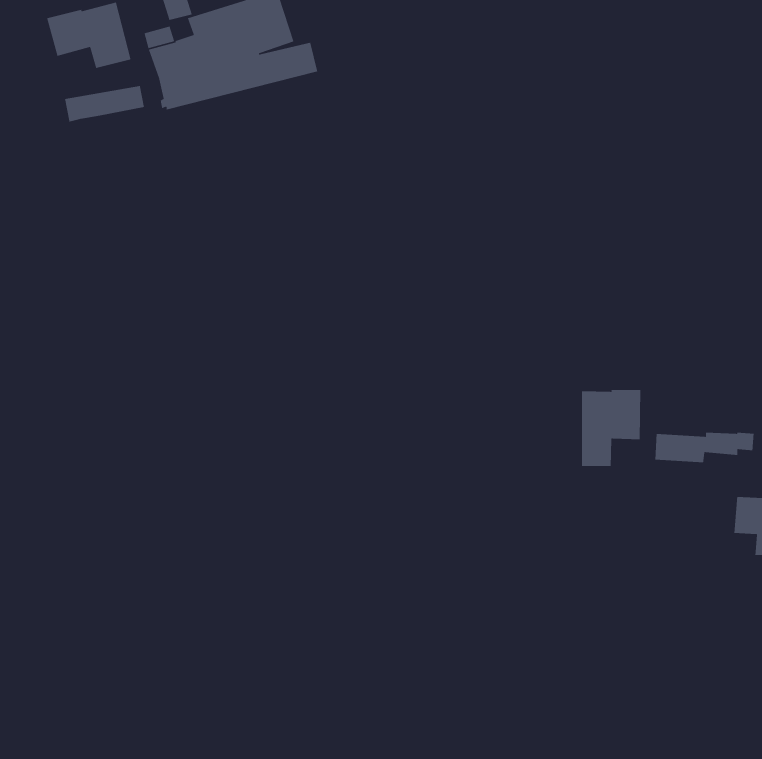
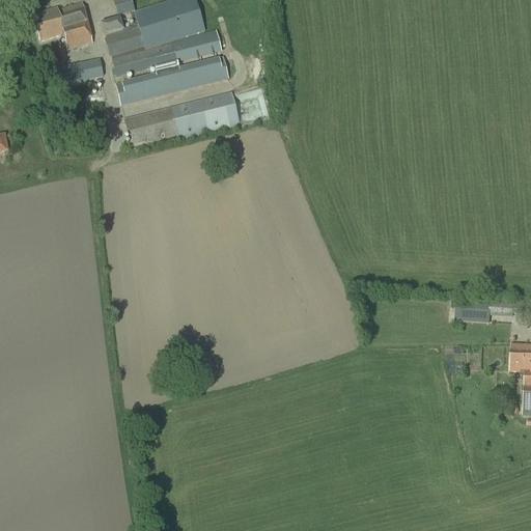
building: none -> [116,56,228,104]
building: none -> [124,91,240,144]
building: [581,389,641,467] -> none

